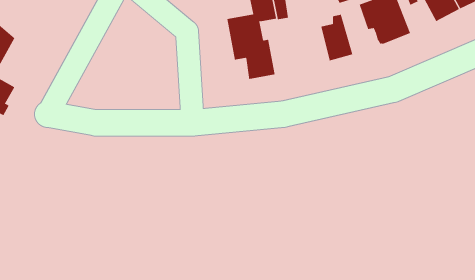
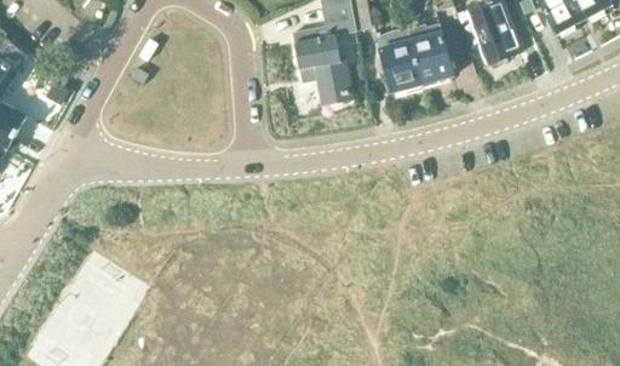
building: none -> [377,28,423,91]

